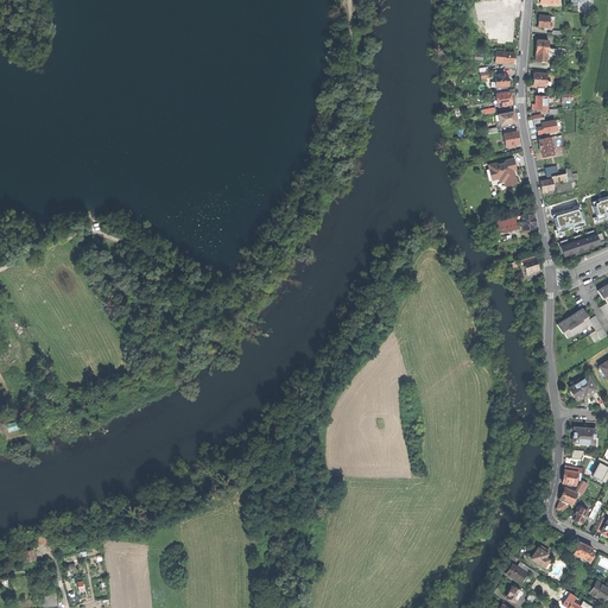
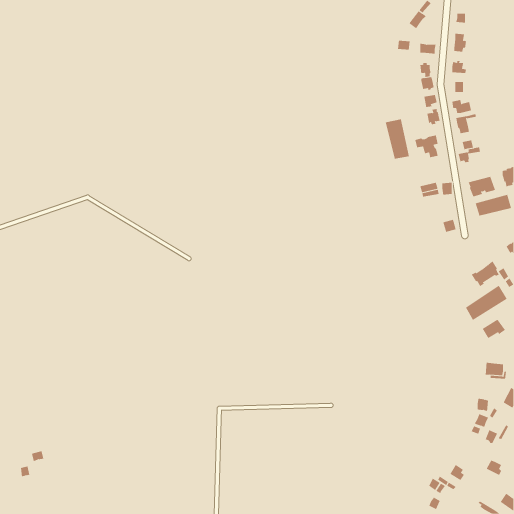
building: none -> [385,118,410,160]
building: none -> [465,285,508,321]

